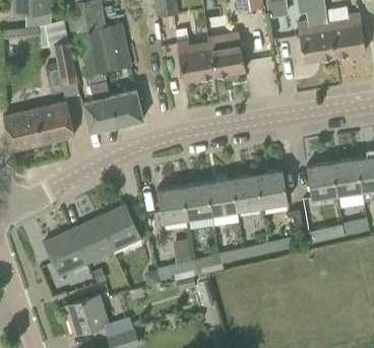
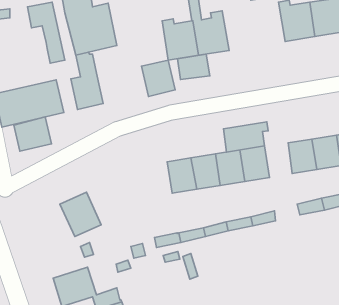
building: none -> [177,54,210,80]
building: [109,89,143,127] -> [142,60,175,97]
building: none -> [14,117,51,151]
building: none -> [223,122,268,152]
building: [157,187,187,223] -> none
building: [99,205,141,252] -> none
building: [44,230,86,277] -> none

